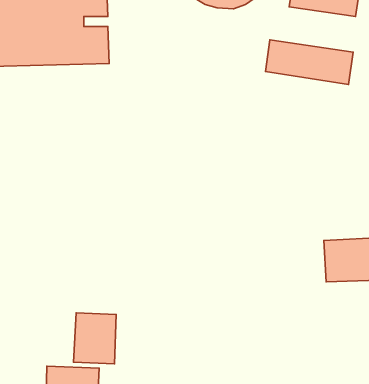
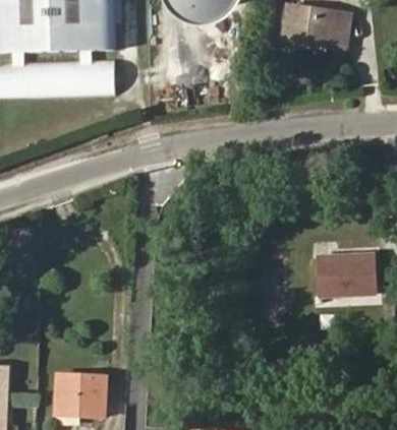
building: [265,40,353,85] -> none
building: [74,313,116,364] -> none

